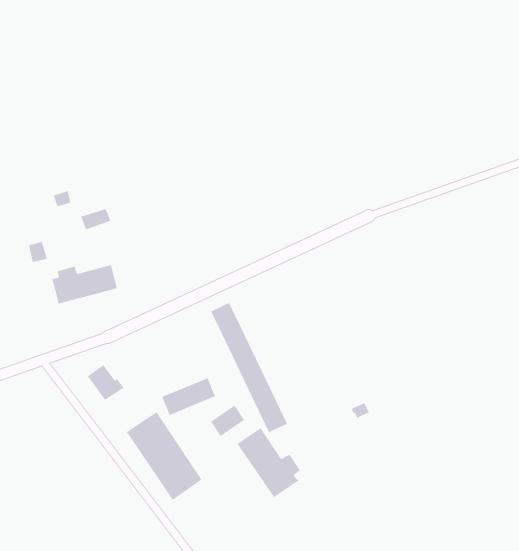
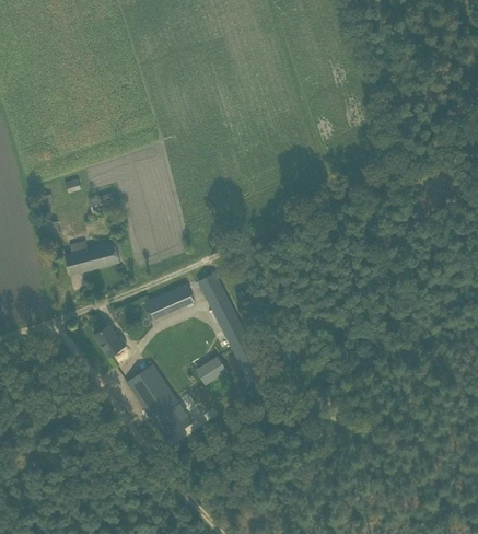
building: [161,377,216,416] -> [148,286,194,318]
building: [236,427,301,498] -> none

